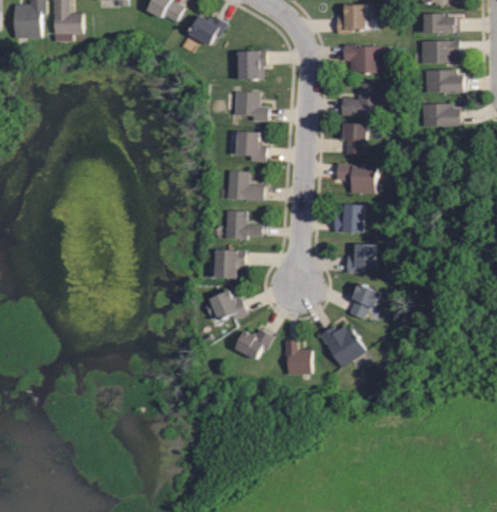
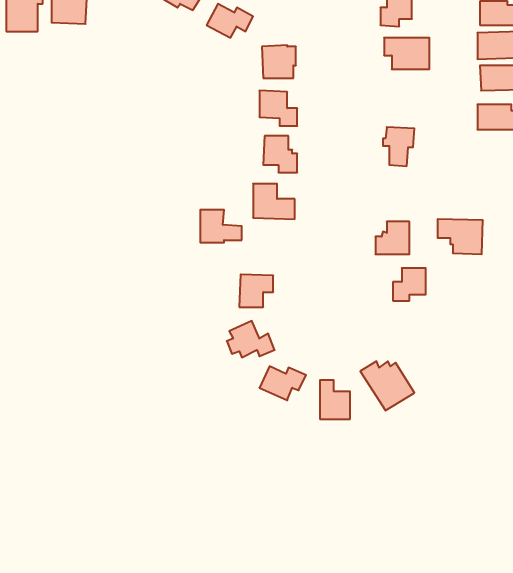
building: [339,82,377,115] -> none
building: [336,164,375,195] -> [438,219,483,254]
building: [225,210,261,238] -> [200,210,242,243]
building: [347,282,376,319] -> none

